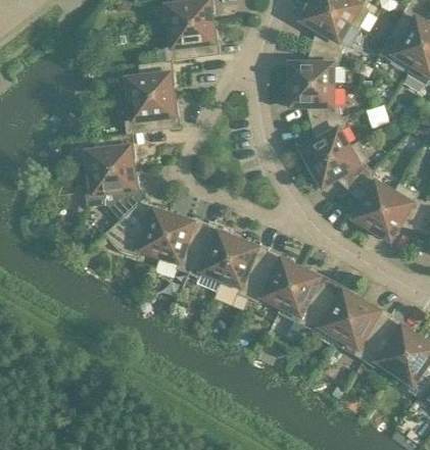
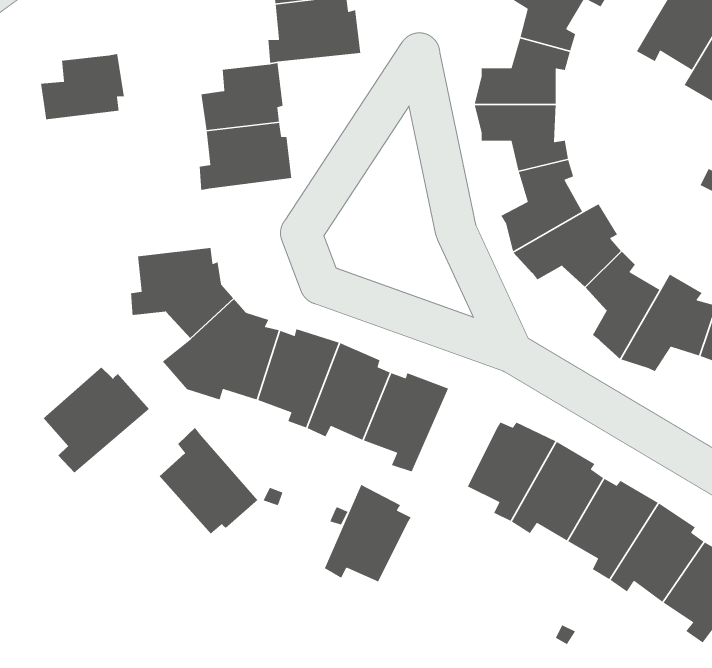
building: [87,135,136,173] -> [40,53,125,120]
building: none -> [42,367,150,474]
building: [249,250,300,307] -> [324,484,412,582]
building: none -> [159,427,258,535]

